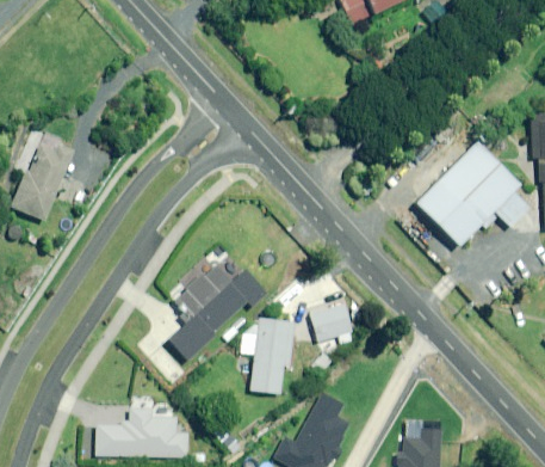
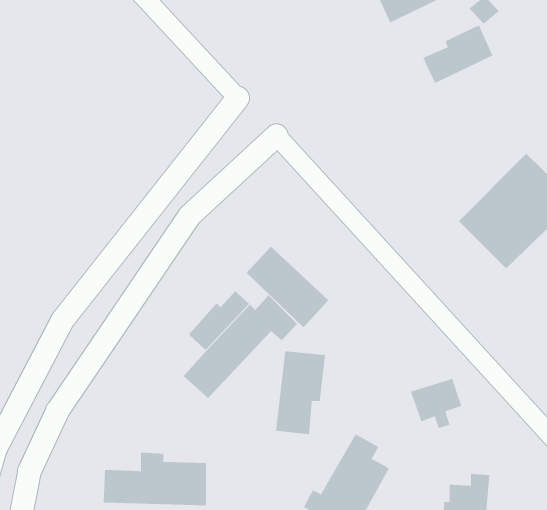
building: none -> [422,25,493,84]
building: [12,136,74,220] -> none
building: none -> [246,246,329,328]
building: [309,302,355,348] -> [410,378,462,429]

